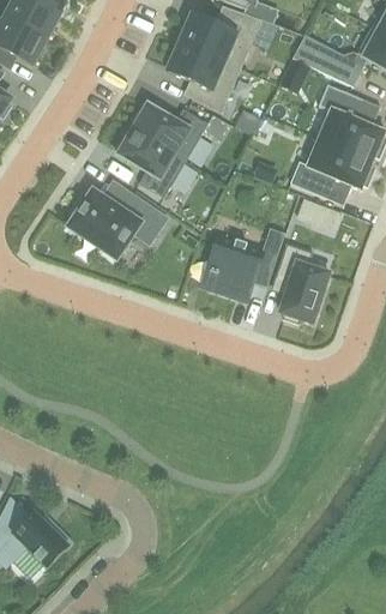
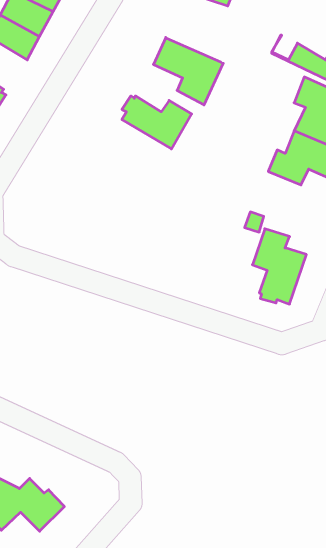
building: [180,7,261,68] -> none
building: [115,128,186,197] -> none
building: [67,188,167,258] -> none
building: [207,233,263,301] -> none

